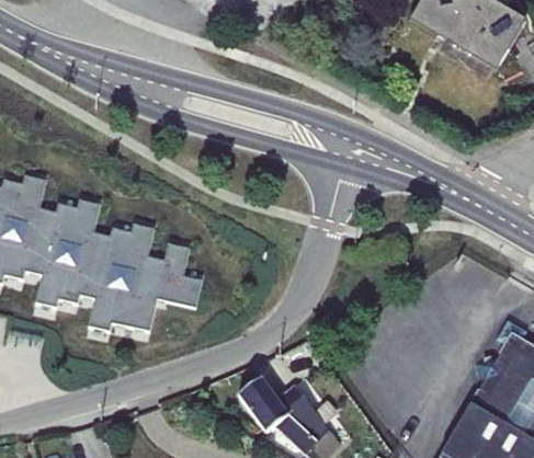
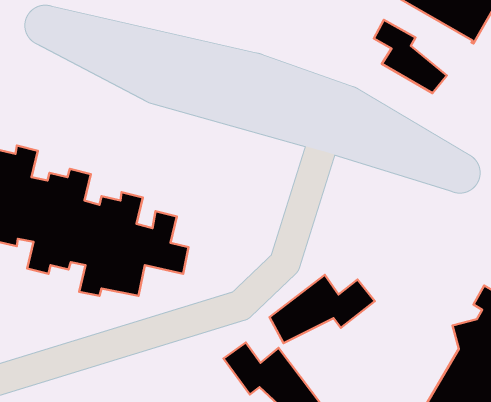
building: none -> [374,20,447,93]
building: none -> [269,275,375,343]

